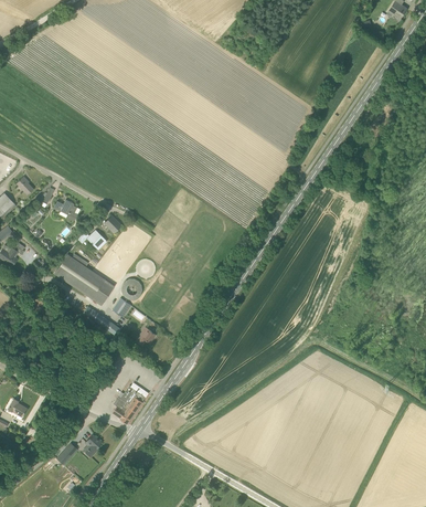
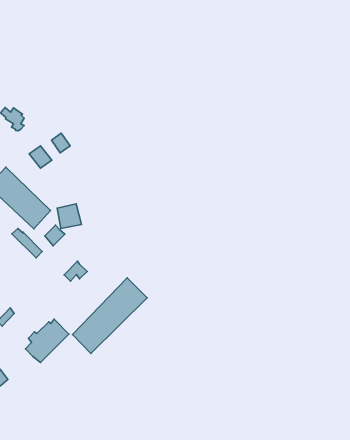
building: none -> [72,278,147,353]

